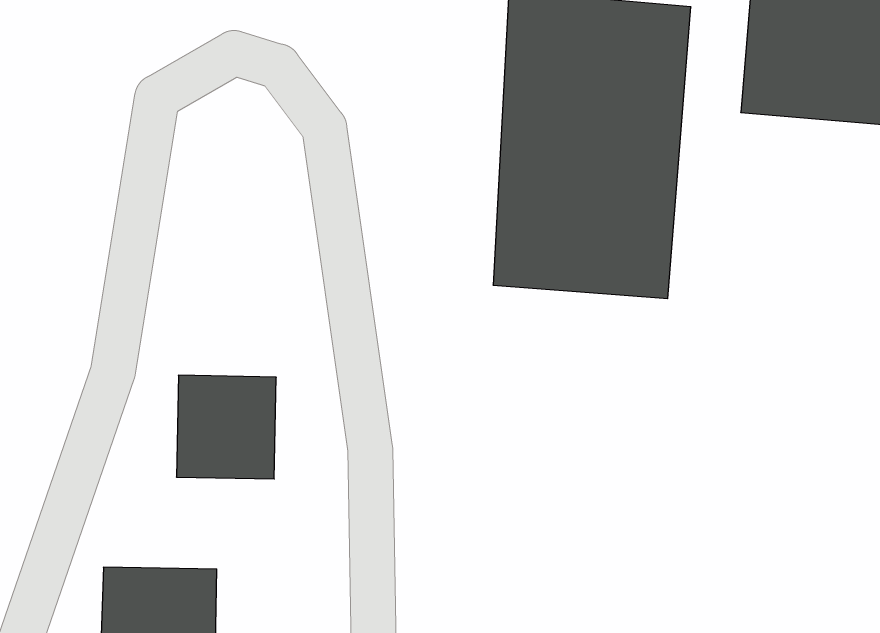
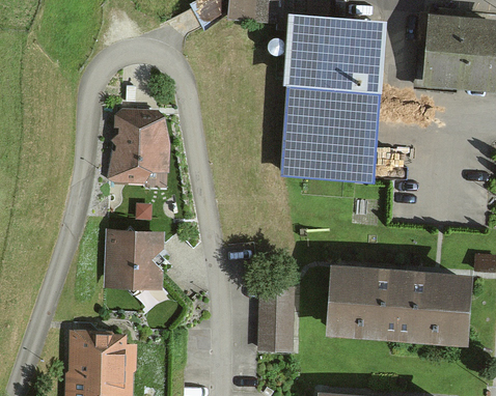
building: none -> [115,113,166,174]
building: none -> [328,263,470,340]
building: none -> [258,285,292,348]

